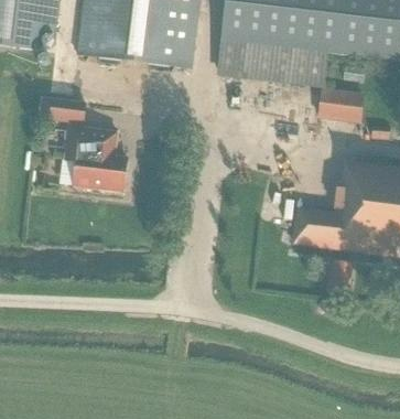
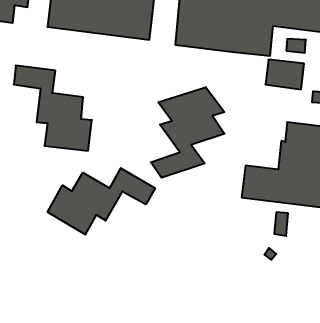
building: none -> [151,87,225,178]
building: none -> [48,168,155,235]

